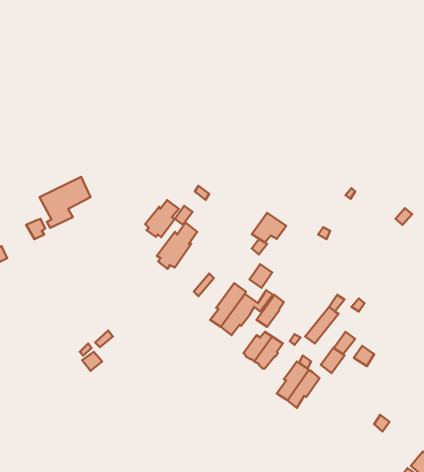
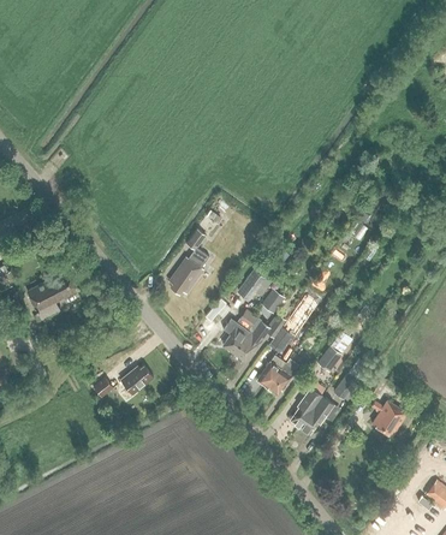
building: [40,177,91,228] -> [26,269,78,321]
building: [145,200,179,237] -> none
building: [252,213,286,242] -> [238,269,273,299]
building: none -> [120,365,154,394]
building: none -> [371,400,406,435]

